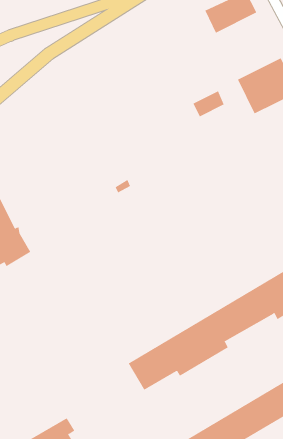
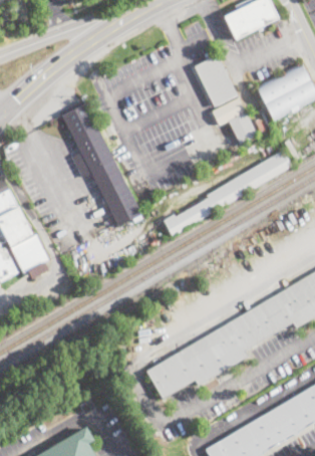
building: none -> [194,56,236,106]
building: none -> [62,104,141,227]
building: none -> [229,113,260,145]
building: none -> [164,151,292,237]

